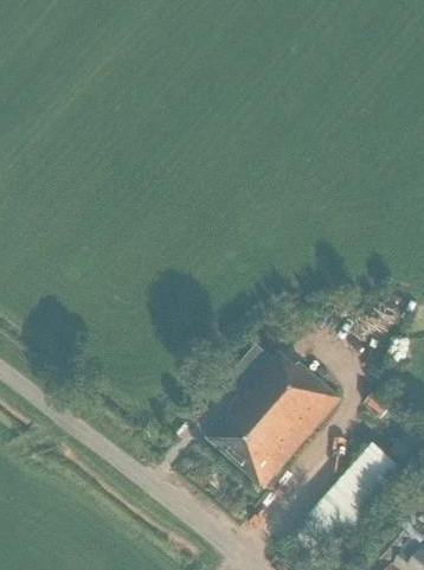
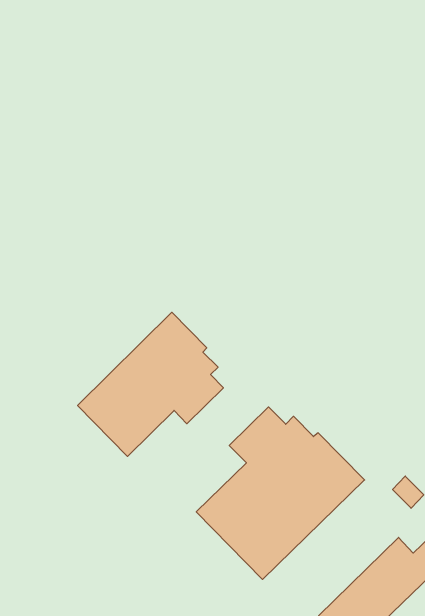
building: none -> [78,312,223,456]

